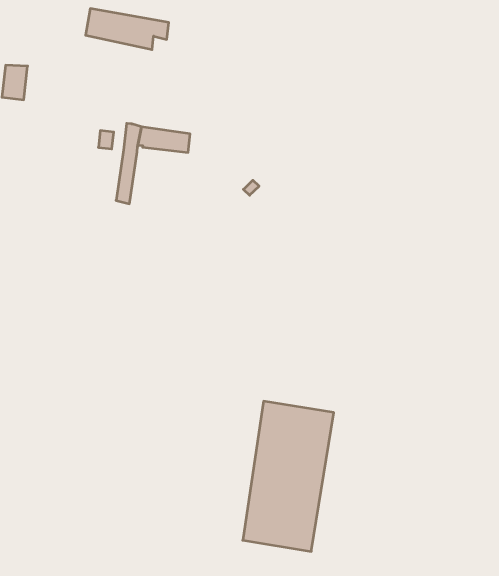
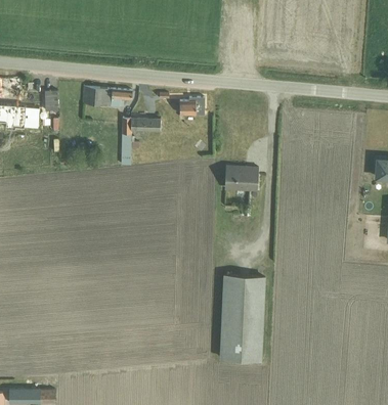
building: [86,9,169,50] -> [82,87,131,107]
building: none -> [179,97,205,115]
building: none -> [225,165,259,191]

